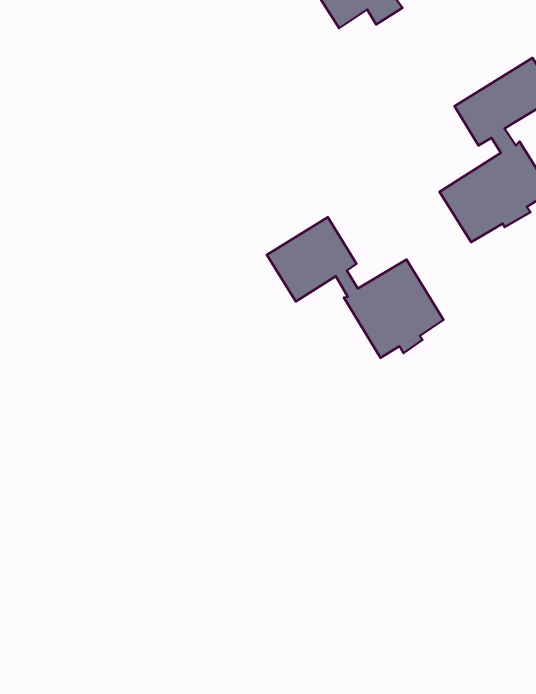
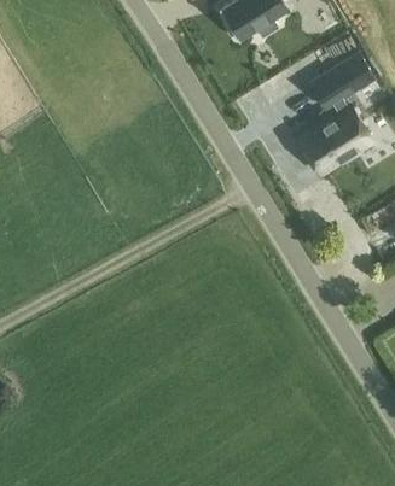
building: [267,217,444,358] -> none

